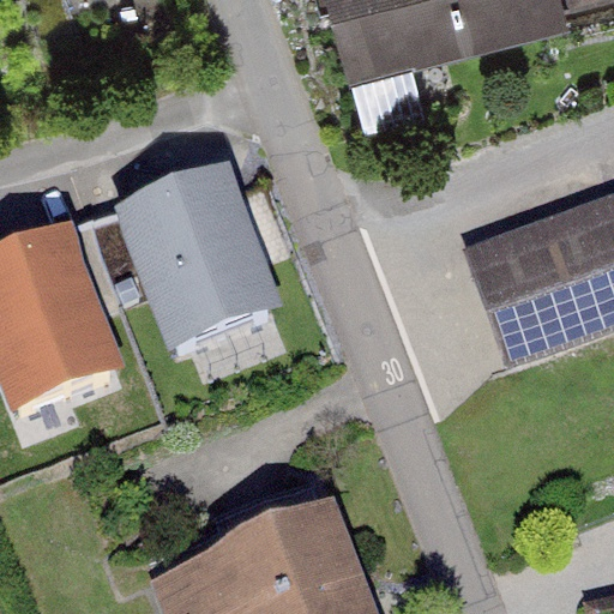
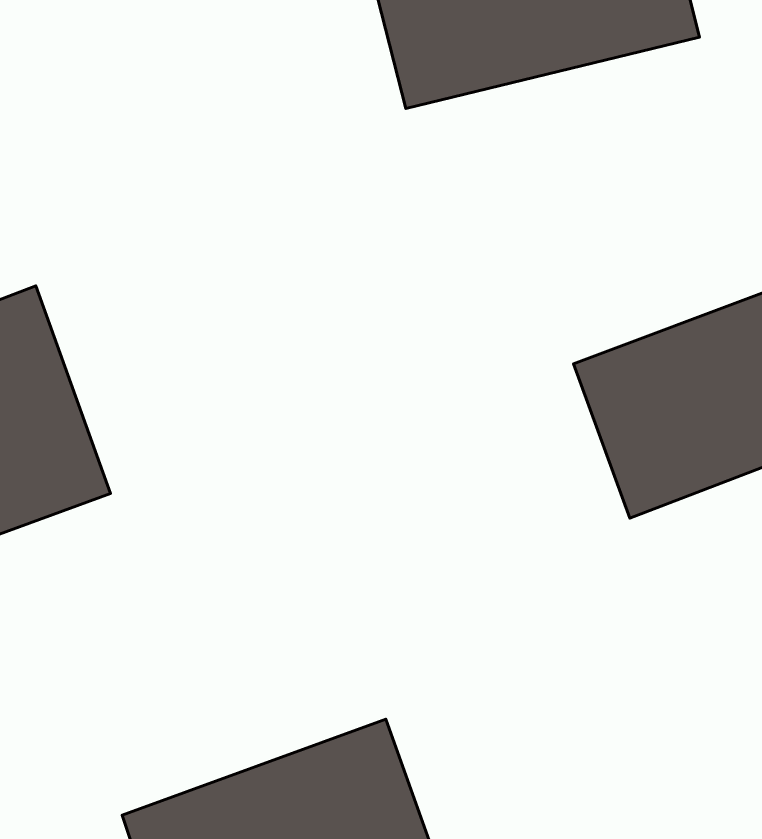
building: [113,144,308,343] -> none

